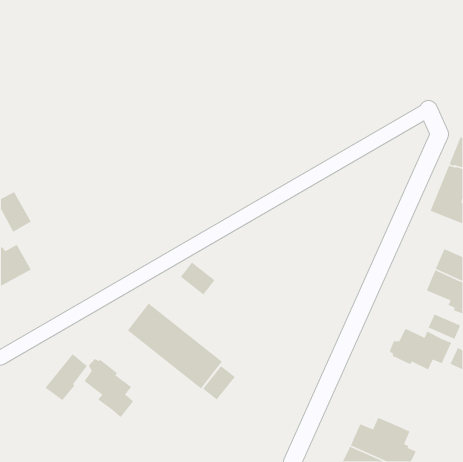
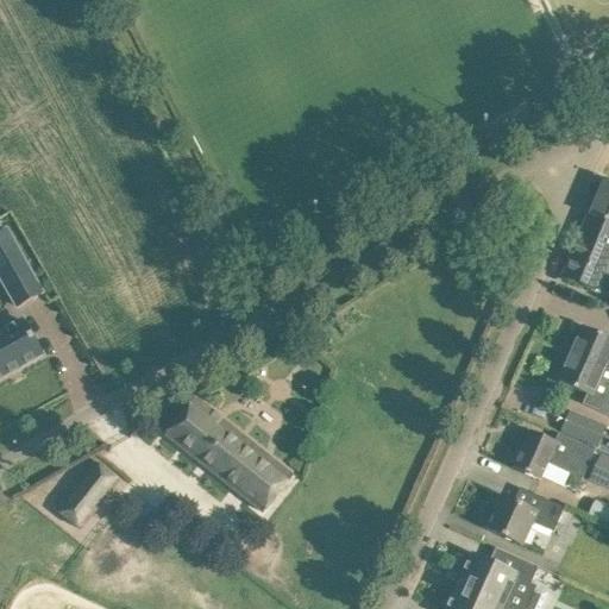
building: [180,262,215,295] -> none
building: [83,358,134,418] -> none
building: [202,365,236,401] -> none
building: none -> [486,491,564,545]

